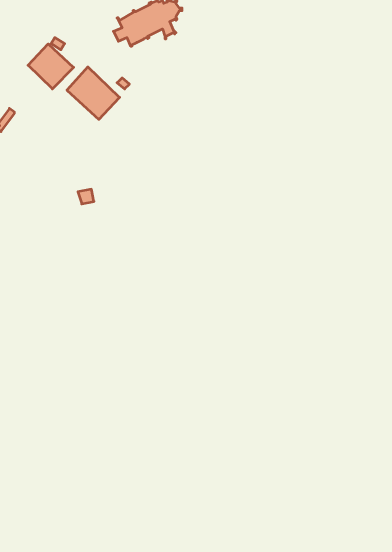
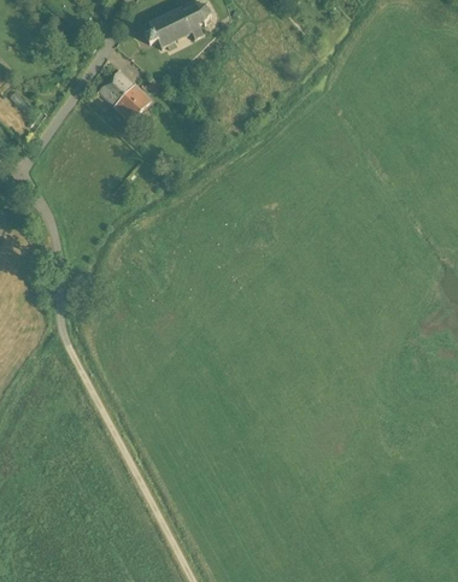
building: [28,44,74,89] -> none

